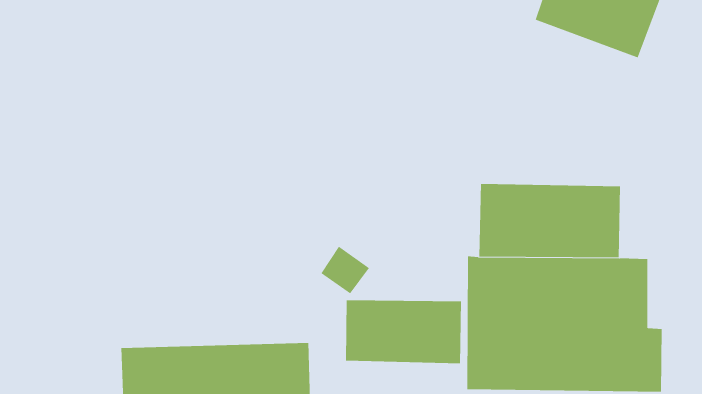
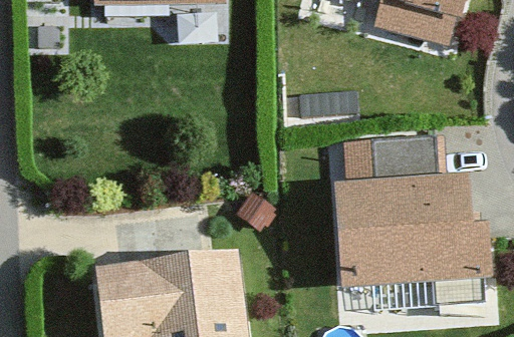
building: [345,299,461,364] -> none

